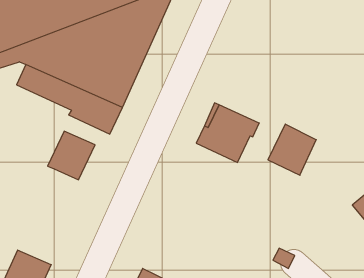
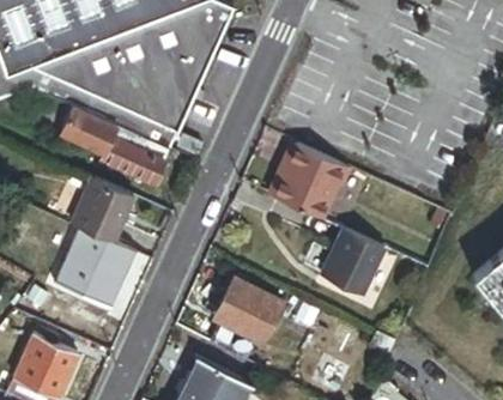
building: [268,124,316,175] -> [321,229,384,296]
building: none -> [56,228,135,307]
building: none -> [213,277,281,345]

